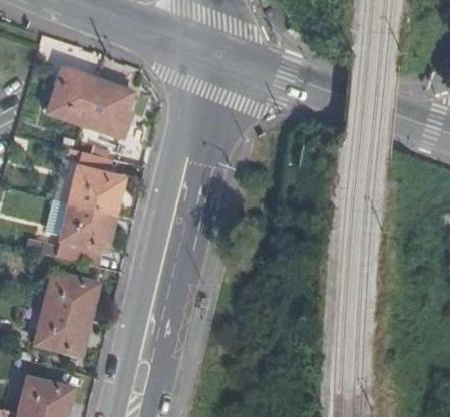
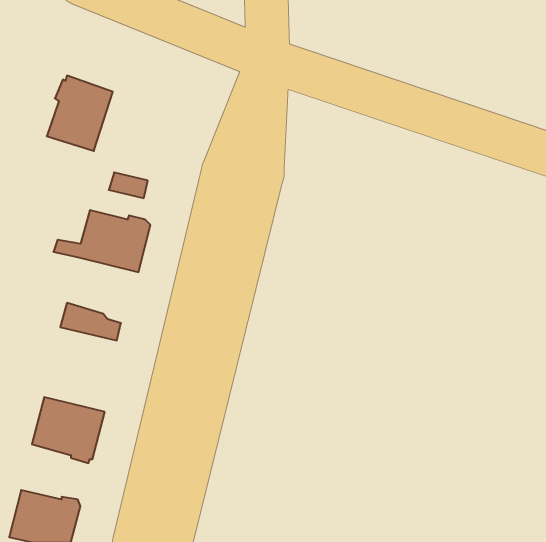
building: [82,80,133,135] -> none
building: [62,203,115,253] -> none
building: [45,274,98,319] -> none

